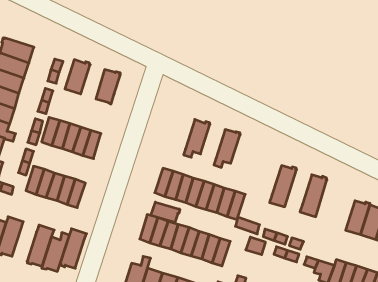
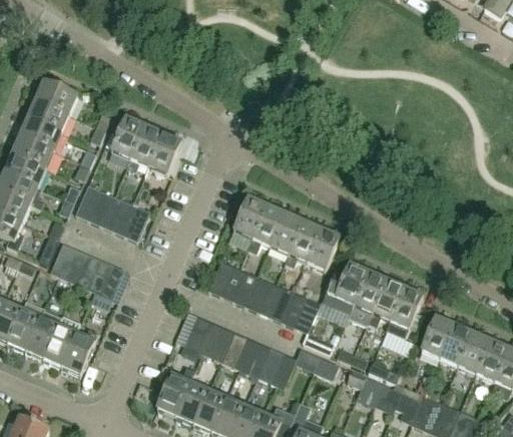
building: none -> [126,125,162,171]
building: none -> [233,197,267,241]
building: none -> [270,213,303,257]
building: none -> [306,230,339,272]
building: none -> [323,265,368,314]
building: none -> [367,280,404,328]
building: none -> [420,317,454,360]
building: [151,202,180,222] -> none
building: [60,229,87,268] -> [25,311,61,360]

